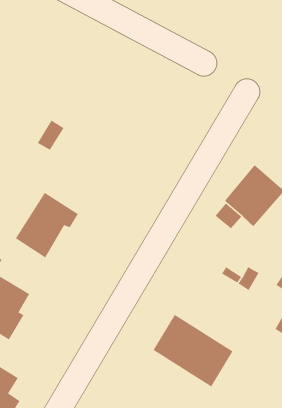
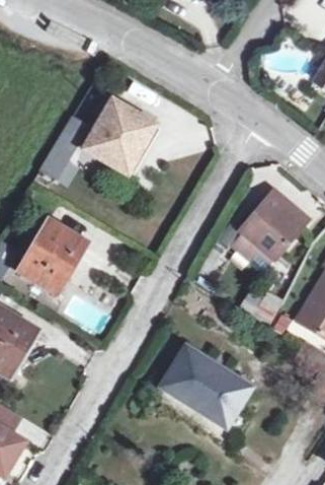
building: none -> [85,99,157,175]

